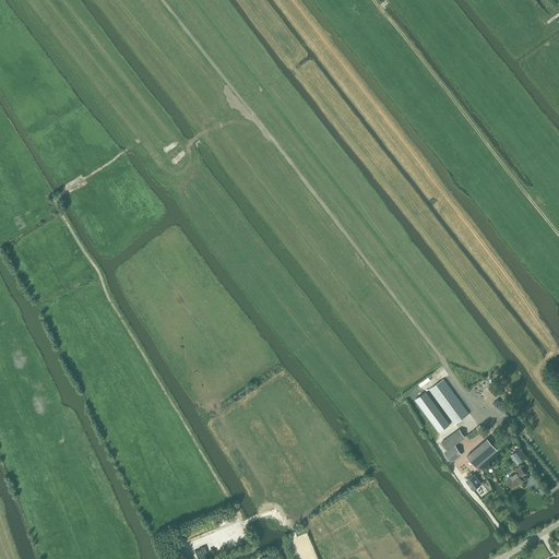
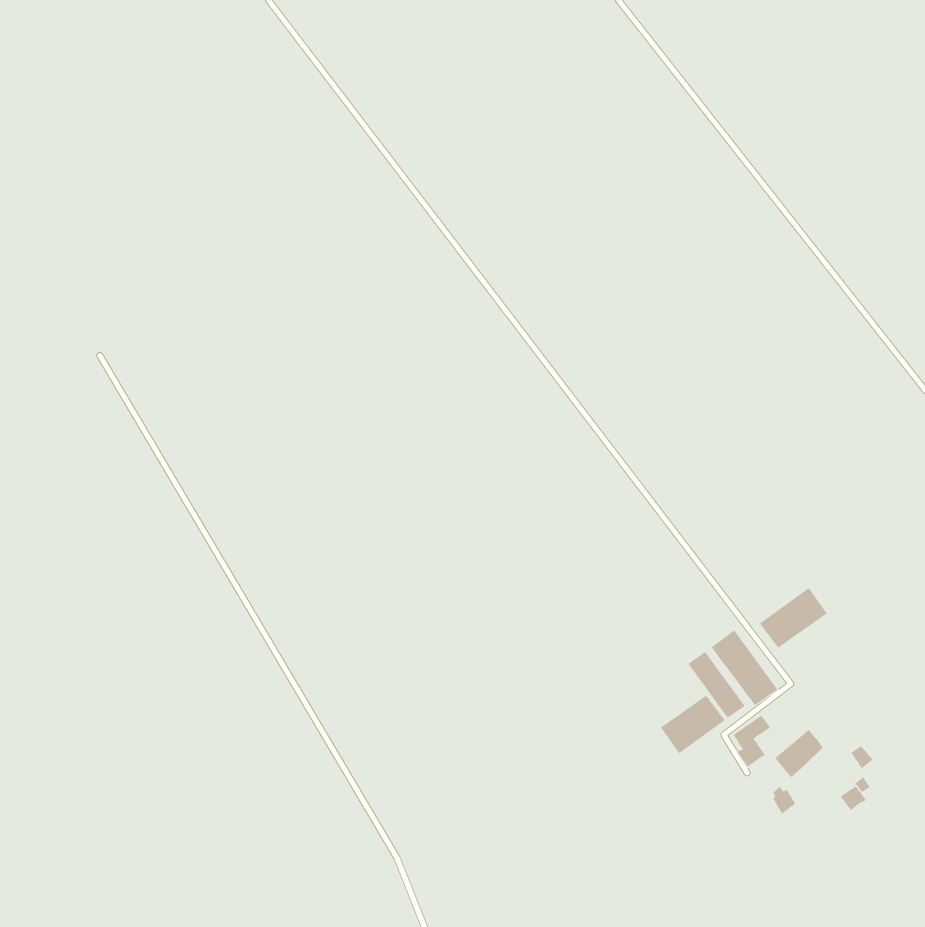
building: none -> [759,587,827,648]
building: none -> [660,695,726,754]

